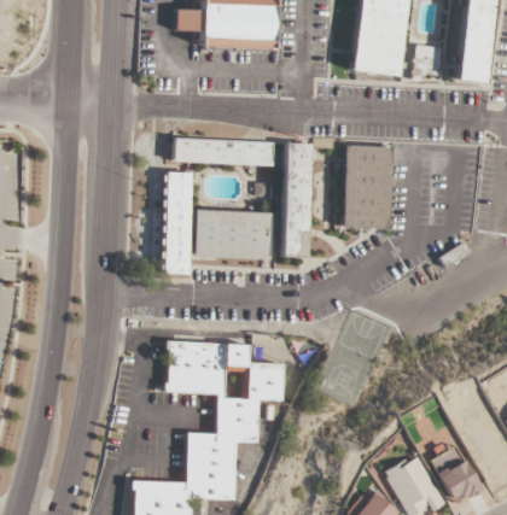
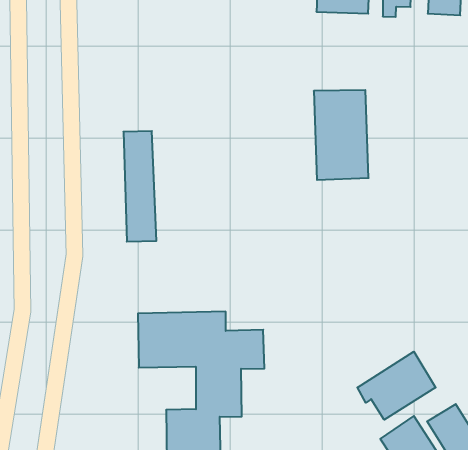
building: [174,139,276,165] -> none
building: [282,142,311,258] -> none
building: [193,210,273,259] -> none
building: none -> [357,352,436,420]

